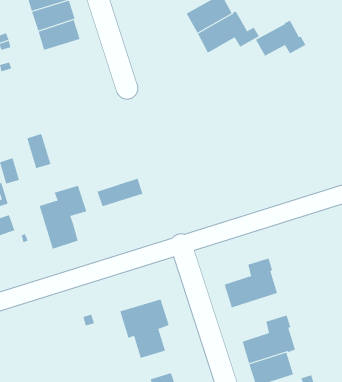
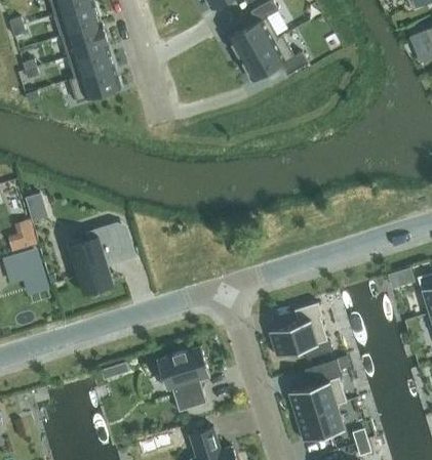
building: [255,20,306,57] -> none
building: none -> [69,66,121,101]
building: [26,133,51,169] -> none
building: [96,178,143,208] -> none

